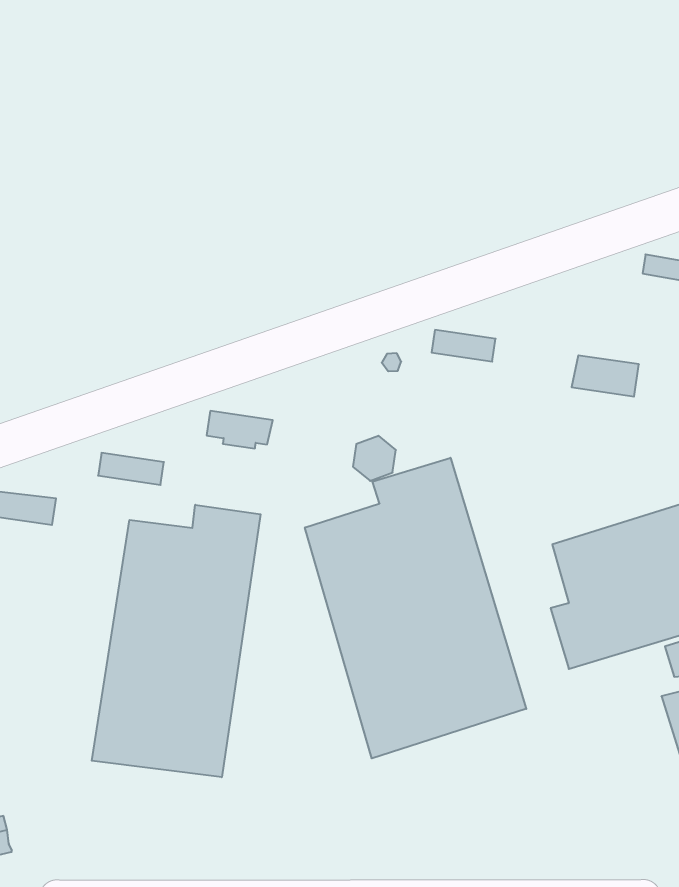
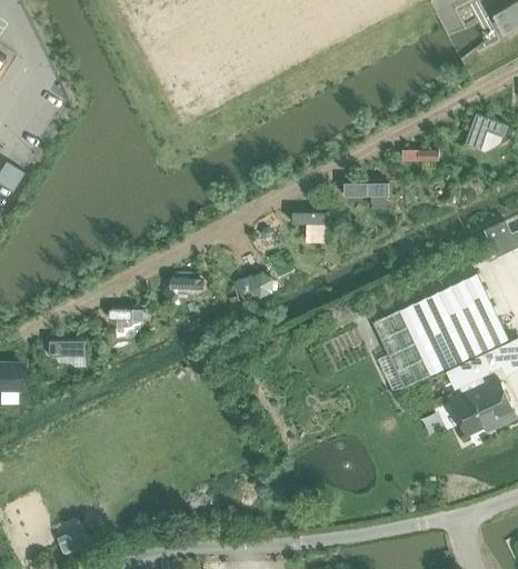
building: [572,355,639,397] -> [347,180,383,199]
building: [305,458,526,758] -> none
building: [92,505,261,777] -> none

